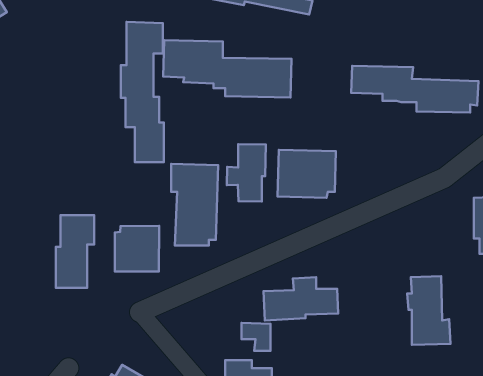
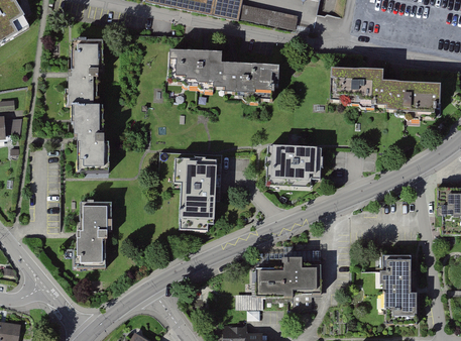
building: [121,22,164,162] -> [68,43,105,164]
building: [227,144,266,201] -> none
building: [115,226,159,271] -> none

